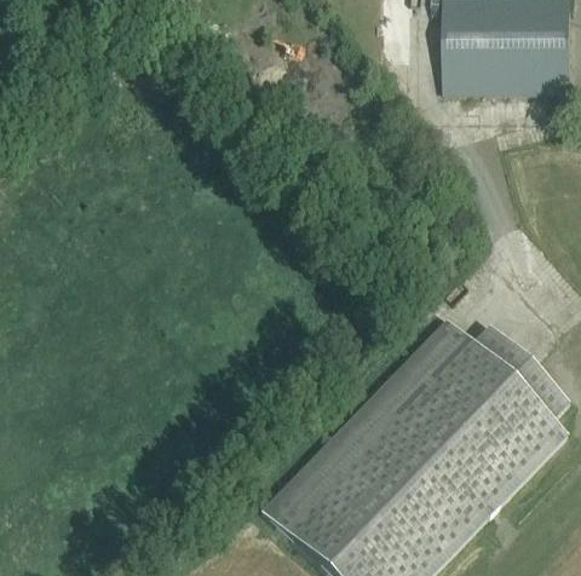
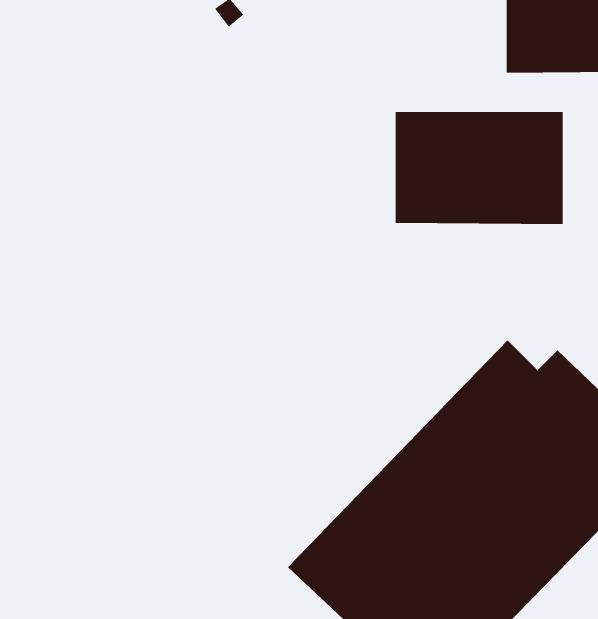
building: none -> [395,111,563,225]

